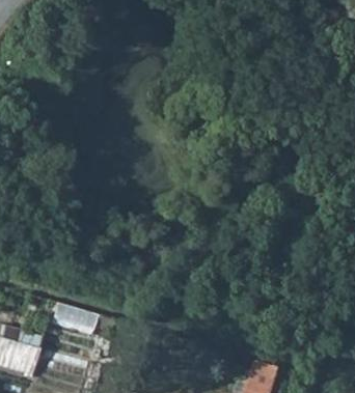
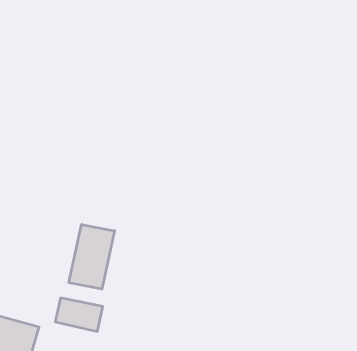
building: none -> [69,224,115,289]

